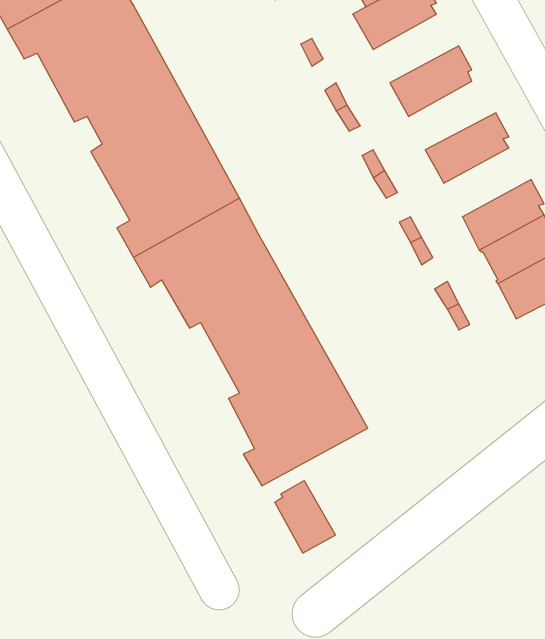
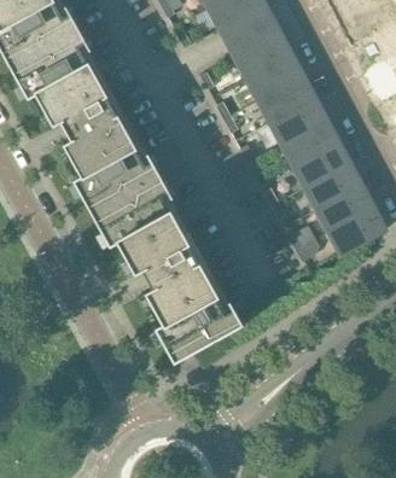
building: none -> [244,52,299,97]
building: none -> [267,95,324,140]
building: none -> [290,139,346,183]
building: [275,481,335,553] -> none

